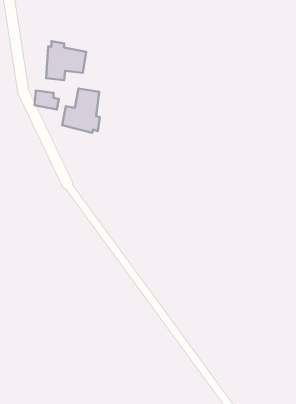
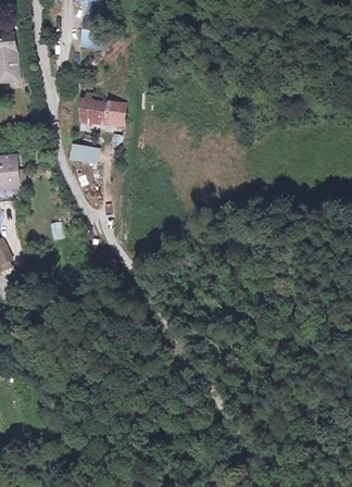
building: [62,89,100,133] -> none

